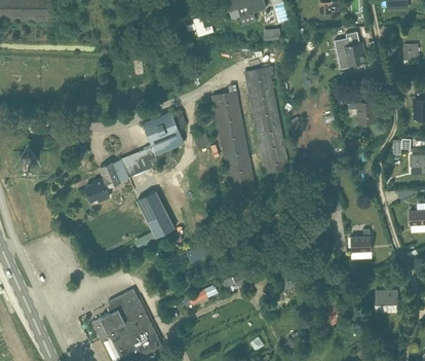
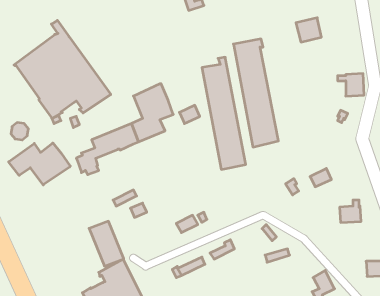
building: [341,41,366,66] -> [296,18,321,42]
building: none -> [14,20,111,118]
building: none -> [9,143,70,185]
building: [142,193,177,239] -> [89,221,124,266]

